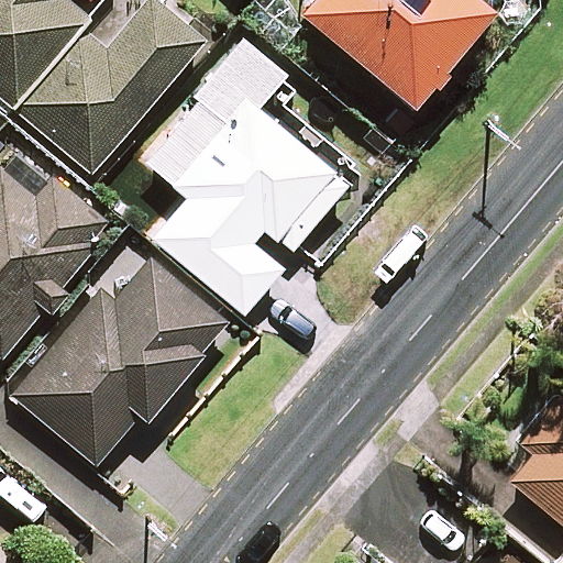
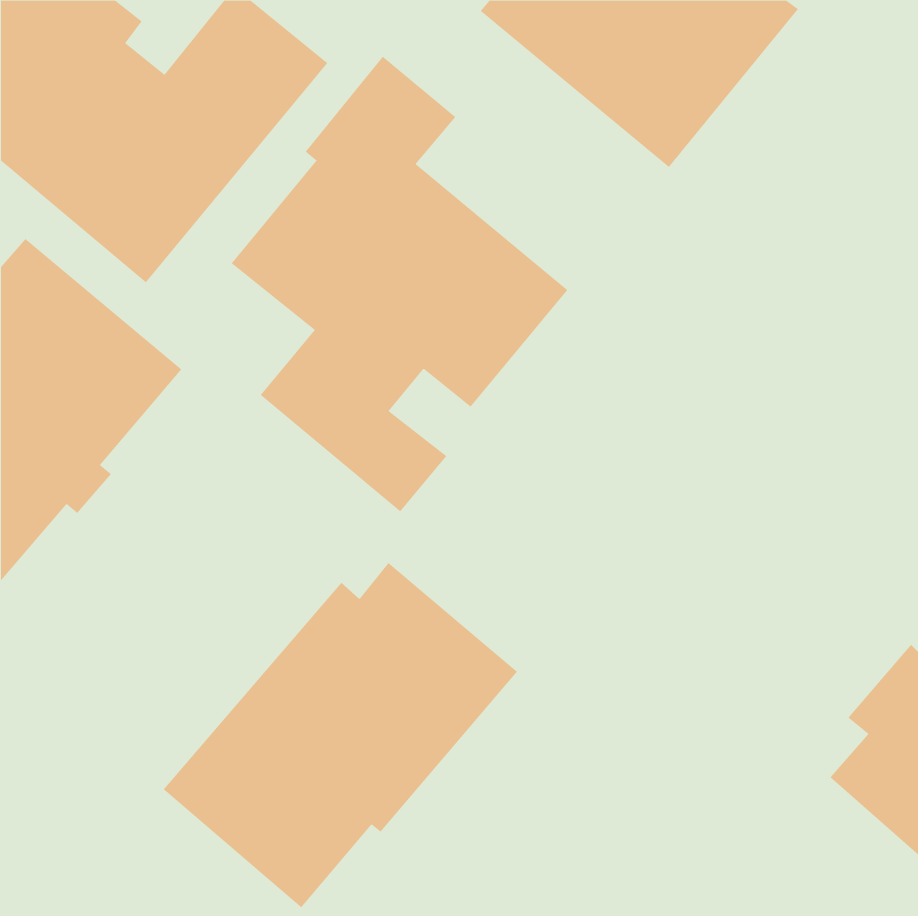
building: [11,255,228,466] -> [163,562,518,908]

